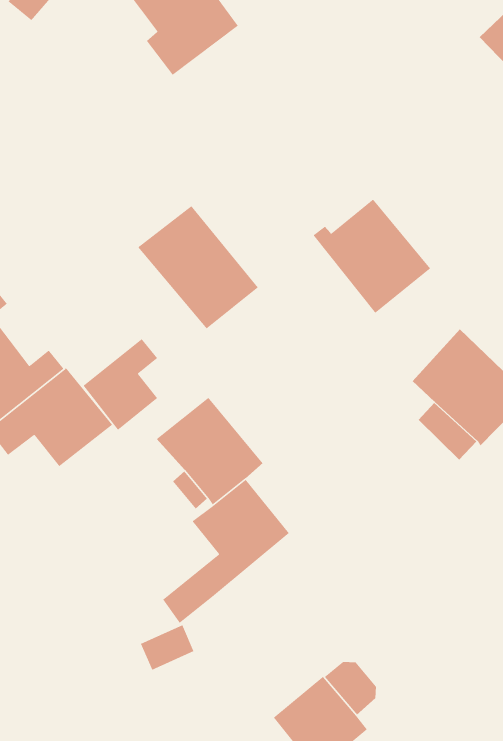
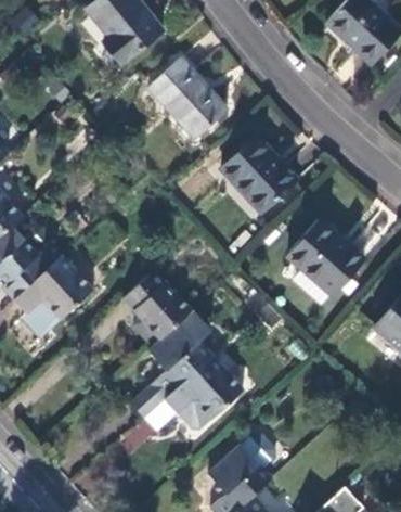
building: [137,205,259,330] -> [146,57,227,138]
building: [82,338,158,431] -> none
building: none -> [165,357,244,432]

